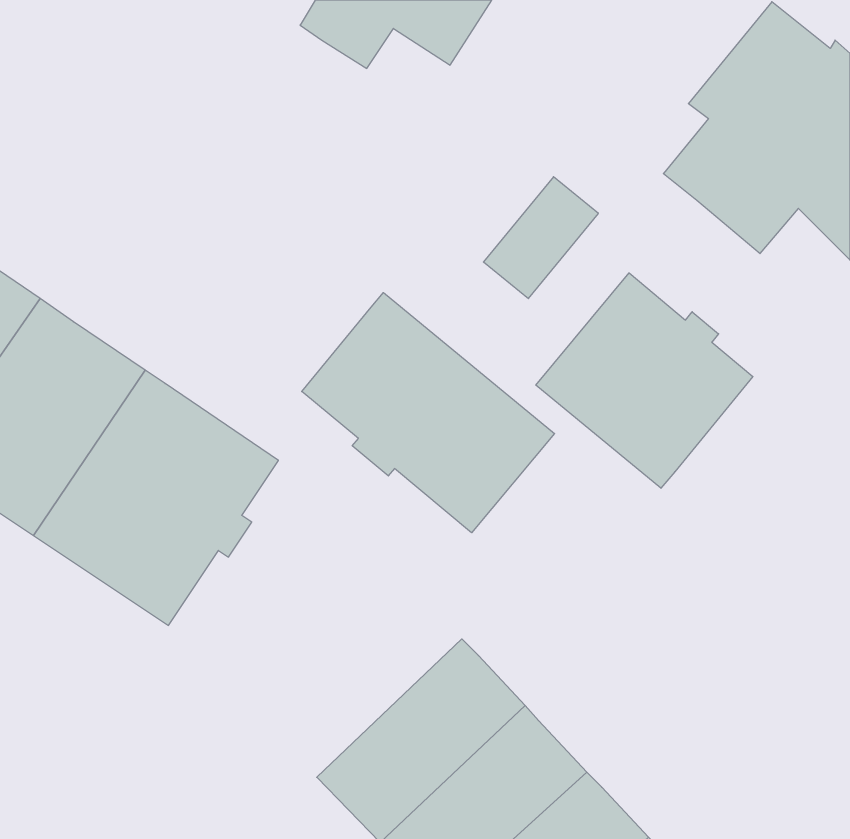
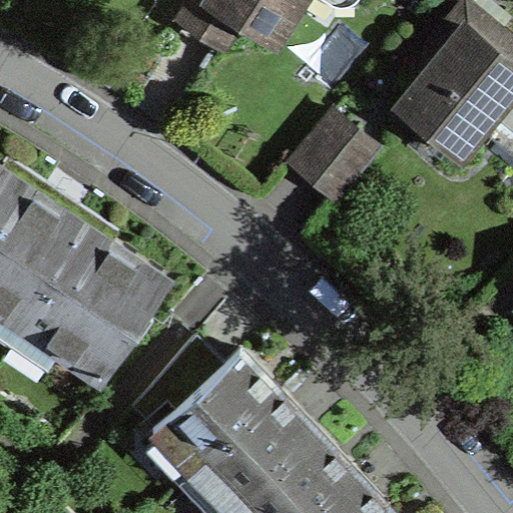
building: [536,273,753,488] -> none
building: [302,293,555,533] -> none
building: none -> [152,352,278,475]

